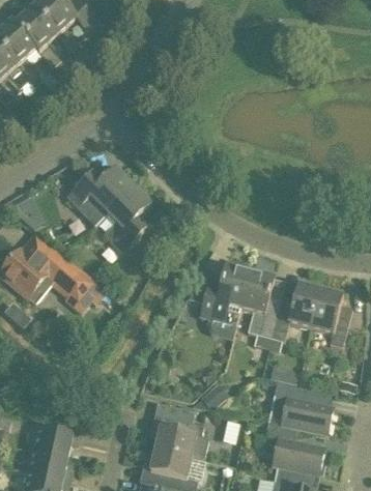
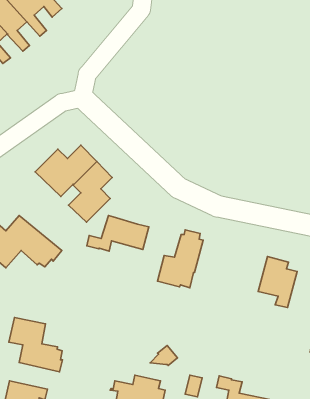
building: none -> [87,215,149,251]
building: [240,272,322,350] -> none
building: none -> [9,317,62,372]
building: [267,381,333,434] -> none

